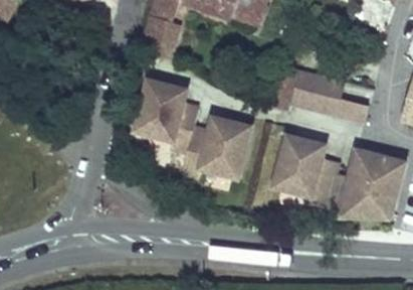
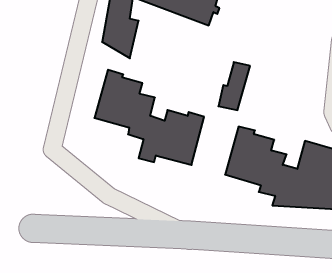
building: [289,70,368,124] -> none

